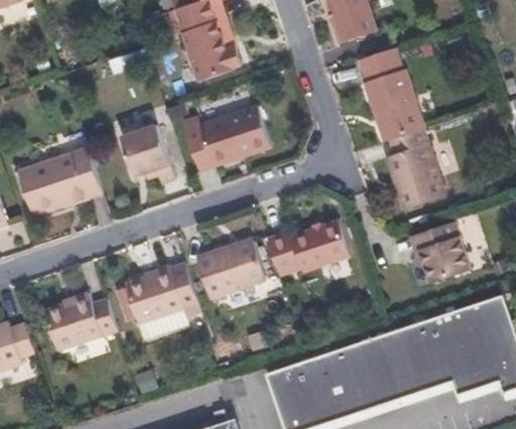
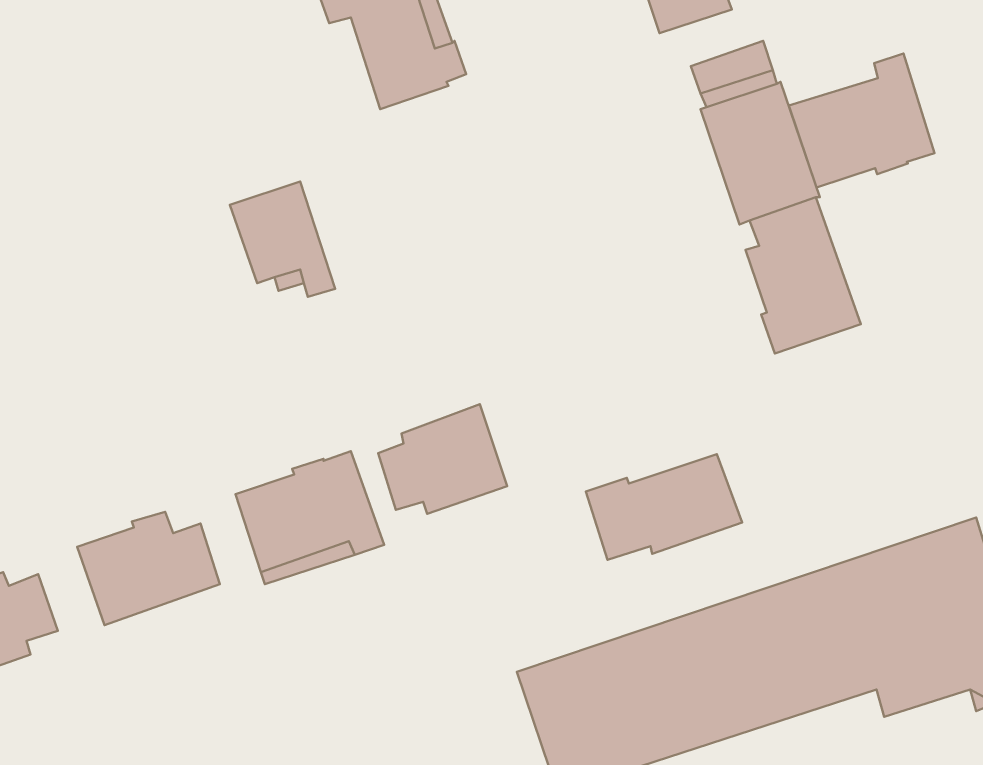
building: none -> [789,53,934,187]
building: [181,101,272,168] -> none
building: [17,144,102,212] -> none
building: [410,217,472,280] -> none
building: [265,218,346,272] -> [586,454,742,560]

